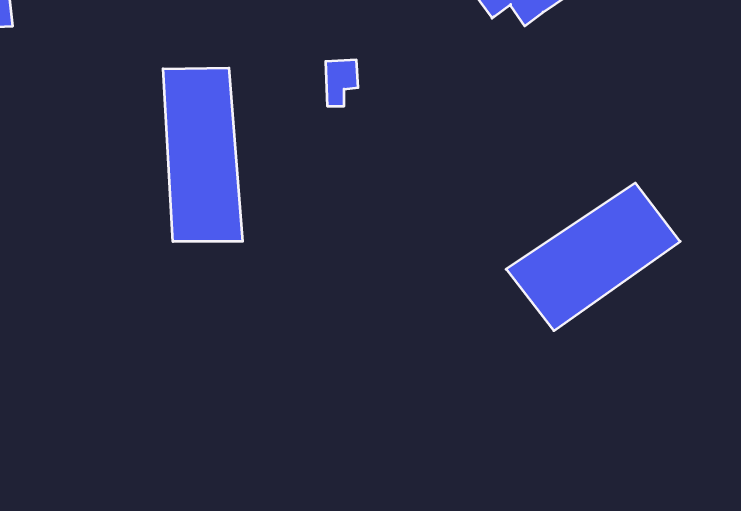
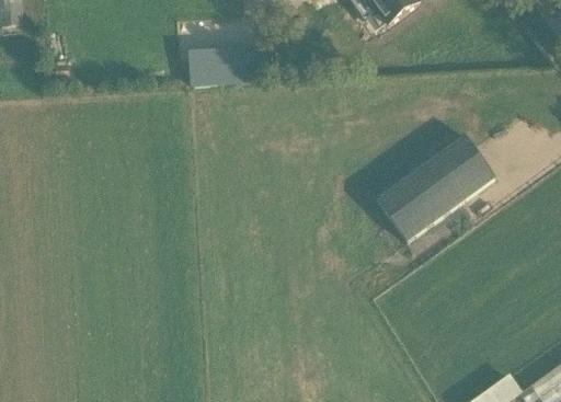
building: none -> [202,53,240,72]
building: [163,68,243,242] -> none

